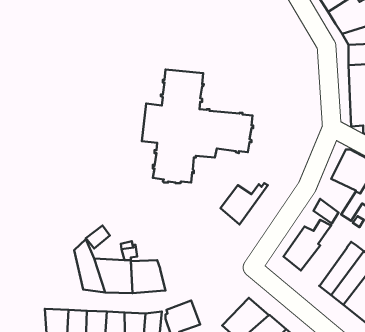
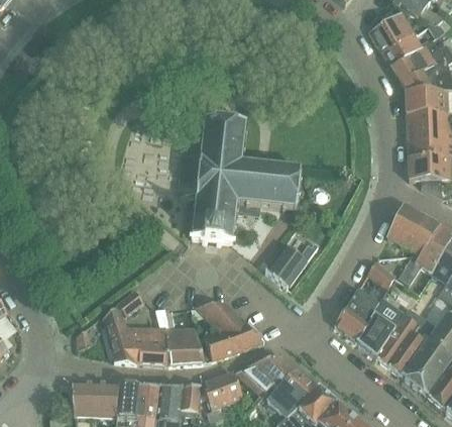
building: none -> [353,296,405,355]
building: none -> [191,301,263,360]
building: none -> [235,354,296,399]

